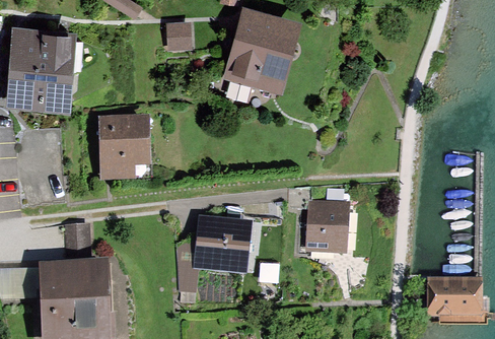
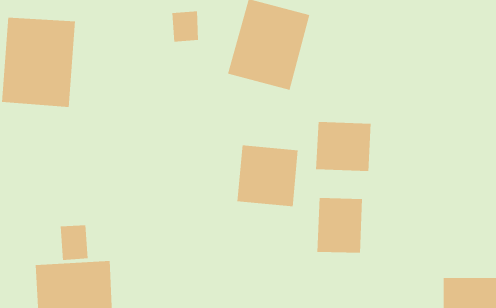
building: [94,114,149,180] -> none
building: none -> [316,121,371,172]
building: [192,215,252,275] -> [237,145,299,207]

